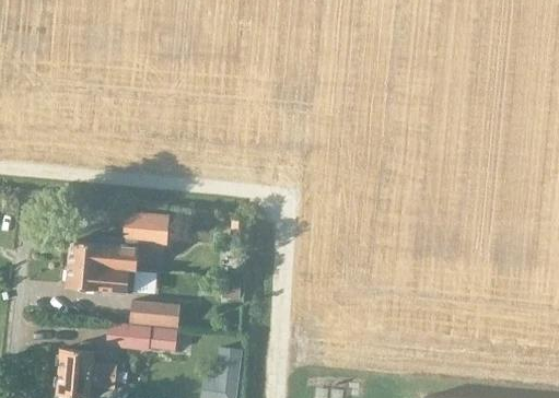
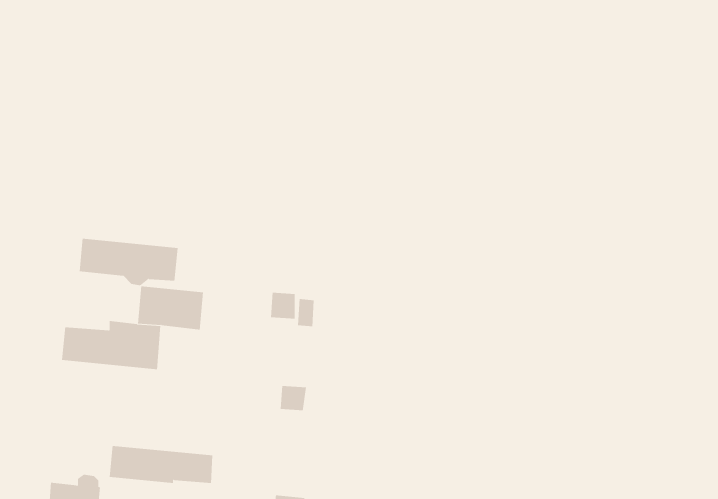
building: [69,265,138,297] -> [79,238,178,286]
building: [130,301,179,327] -> none

